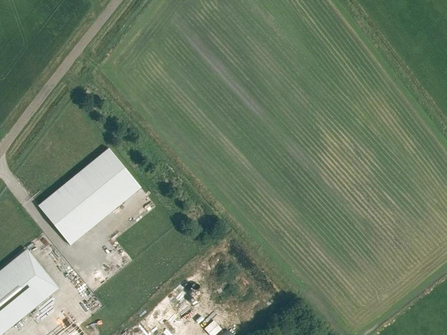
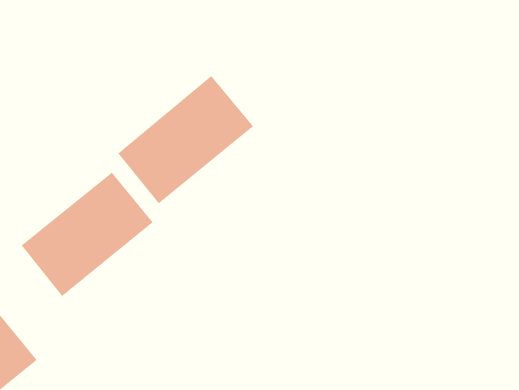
building: none -> [117,75,254,204]

